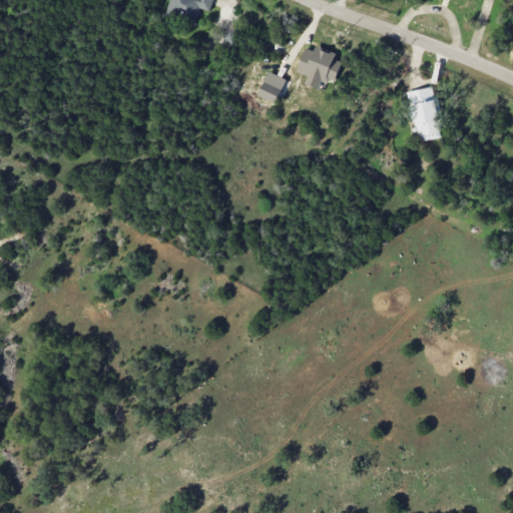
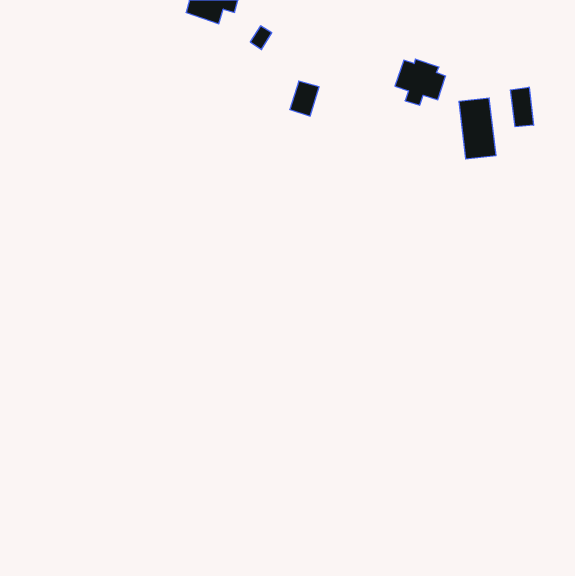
building: [296,47,341,88] -> [395,59,446,105]
building: none -> [510,87,534,127]

